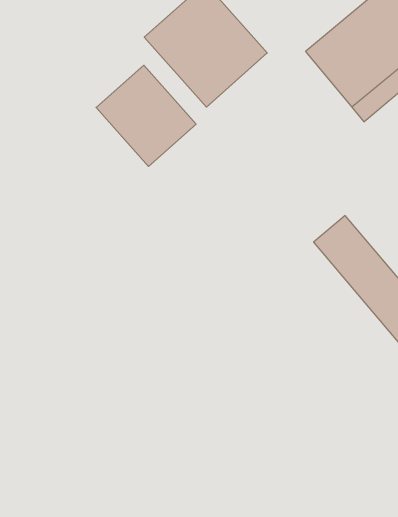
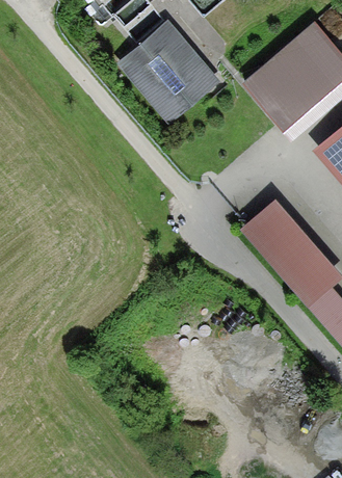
building: [96,65,196,166] -> none

